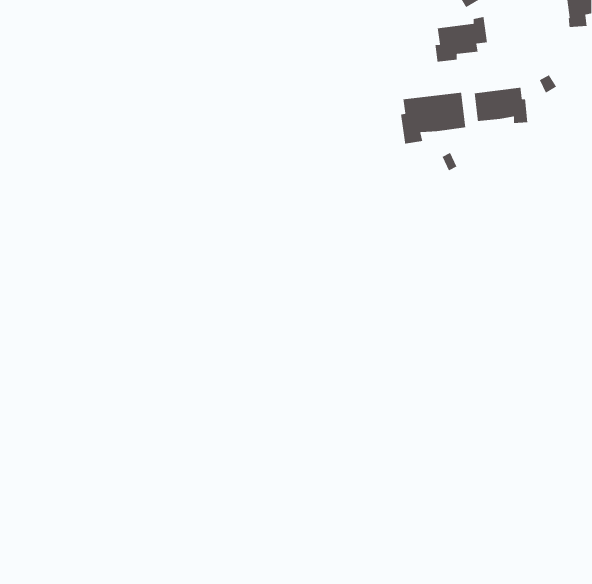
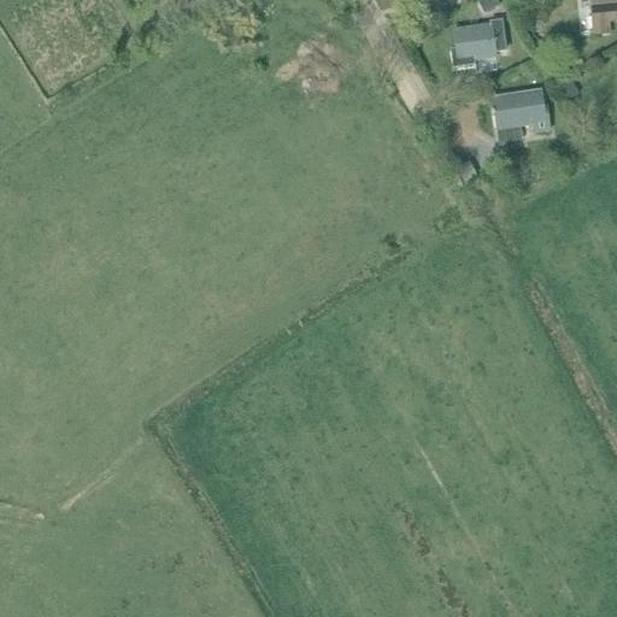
building: [400,92,466,144] -> none

